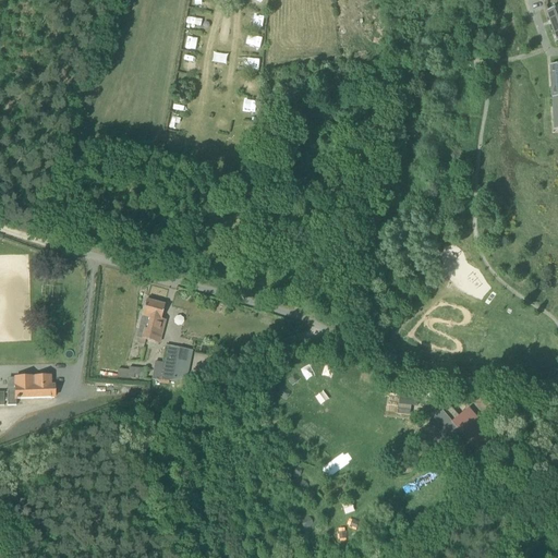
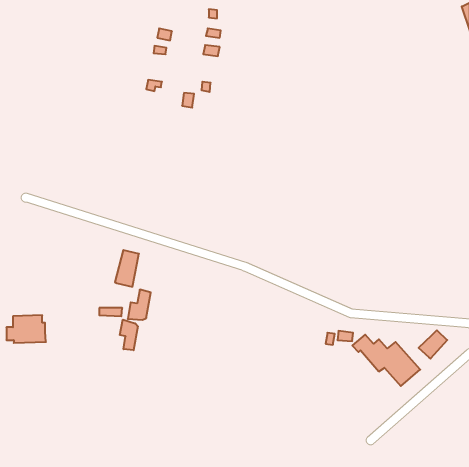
building: none -> [120,320,138,350]
building: none -> [419,330,447,359]

